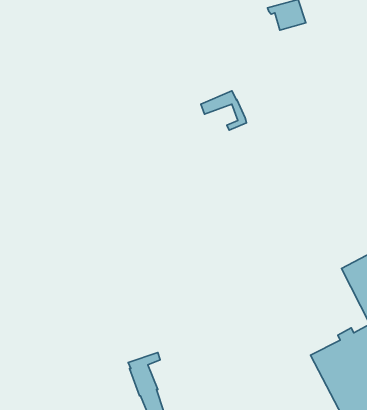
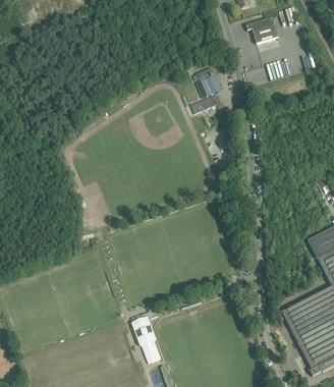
building: none -> [196,68,221,99]

